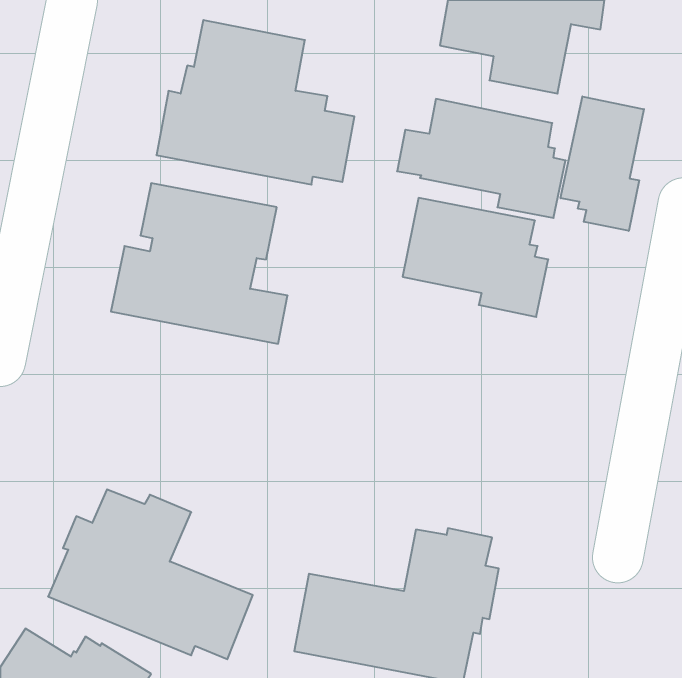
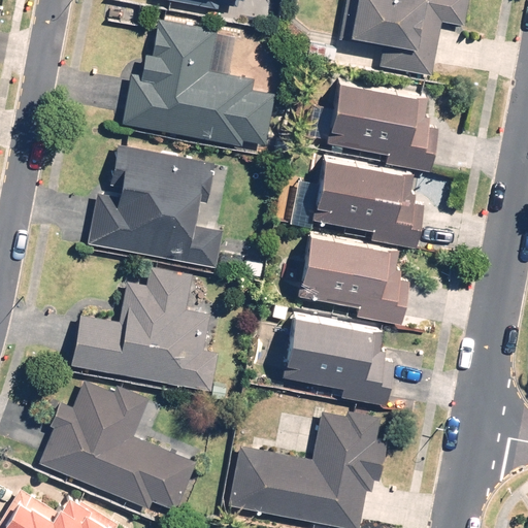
building: [561,96,644,231] -> none
building: none -> [296,233,408,325]
building: none -> [70,268,226,400]
building: none -> [280,315,393,406]

